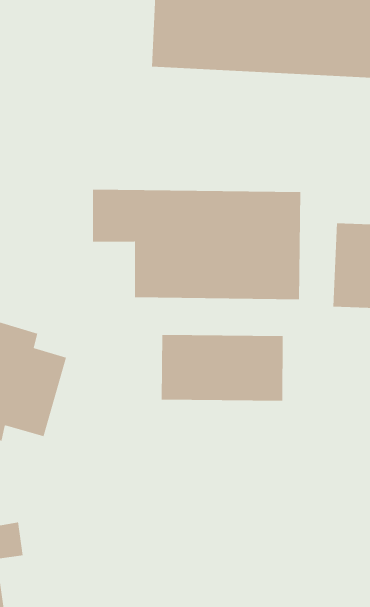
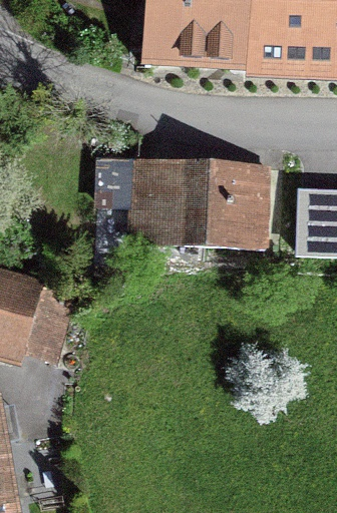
building: [161,334,283,402] -> none

